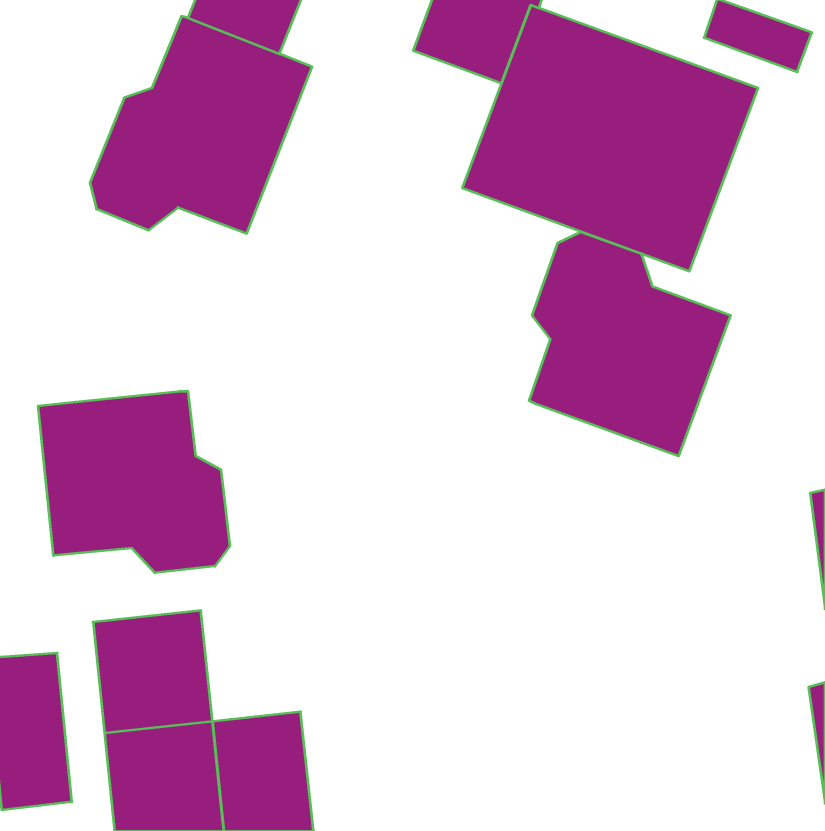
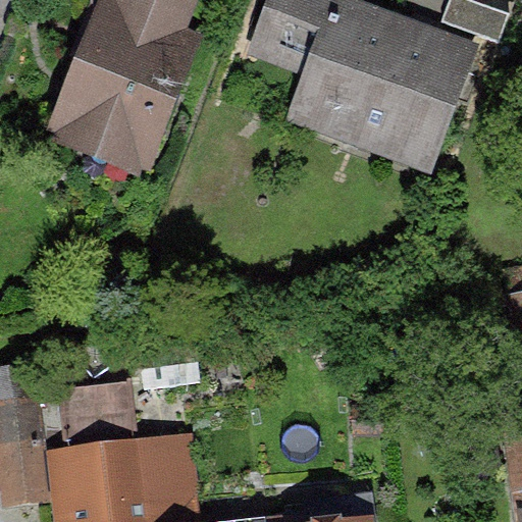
building: [529,232,730,456] -> none
building: [38,391,230,573] -> none

